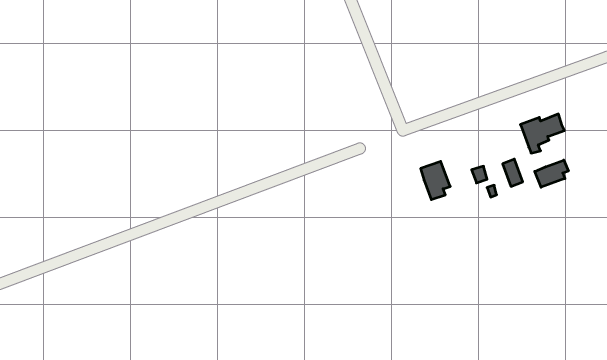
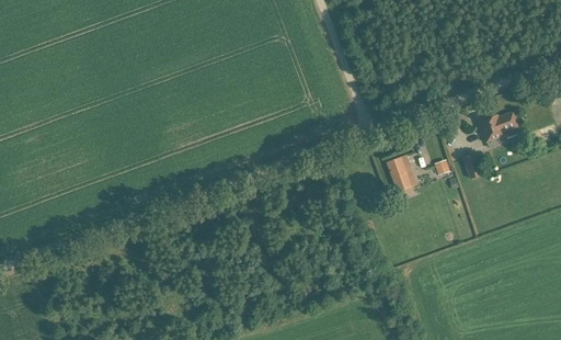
building: [535,160,568,187] -> none

